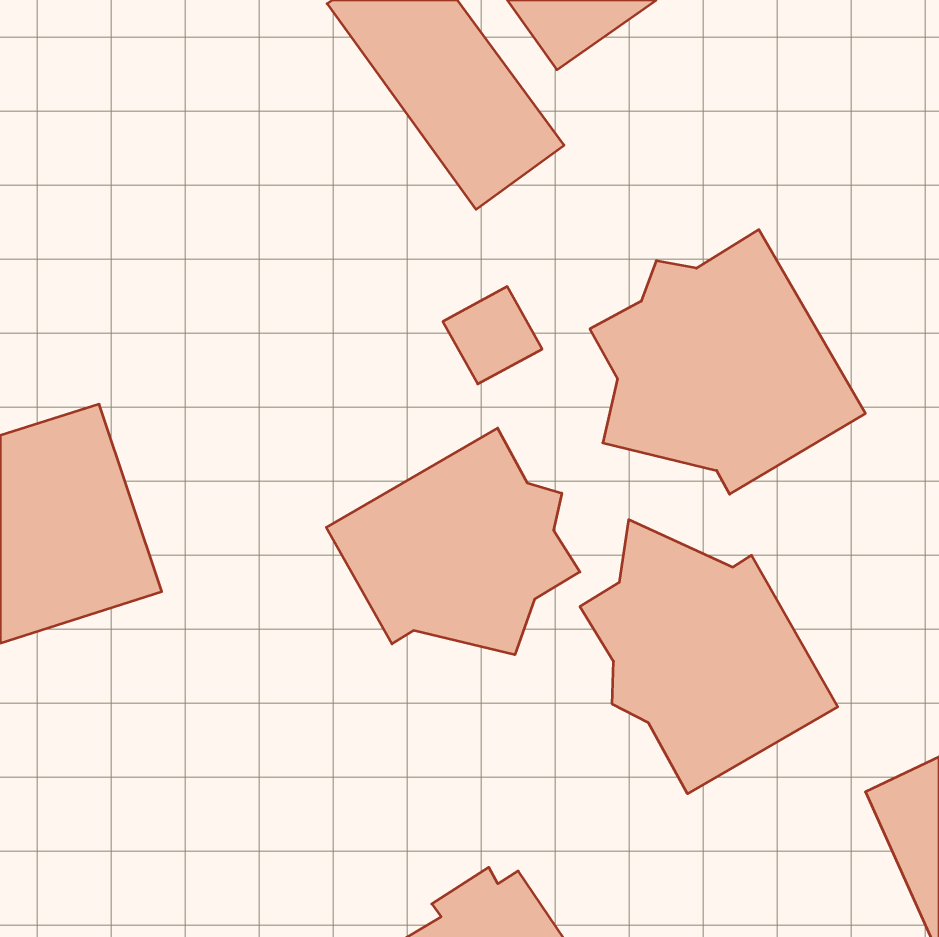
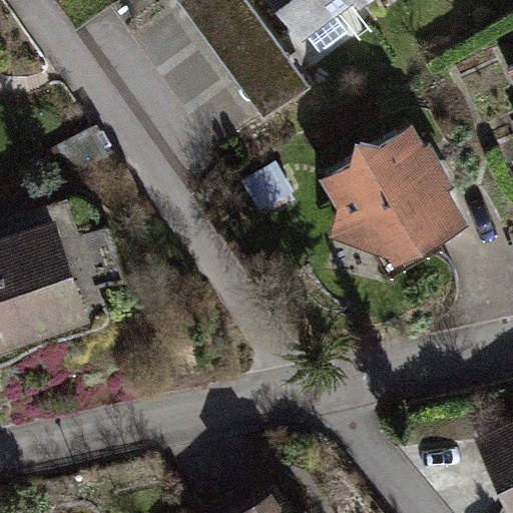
building: [326,428,580,655] -> none
building: [580,520,838,794] -> none

